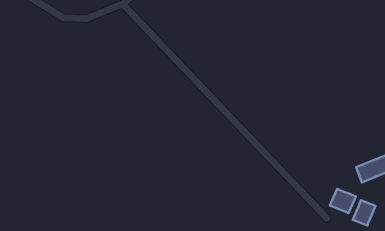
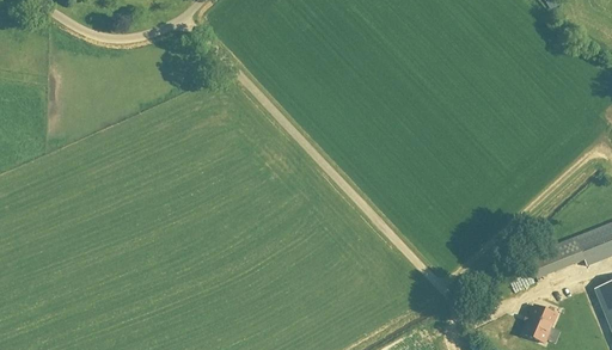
building: [330,189,356,213] -> none

